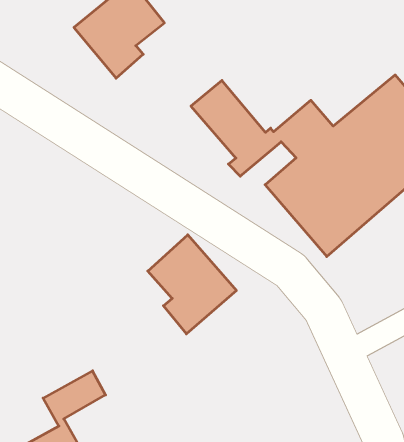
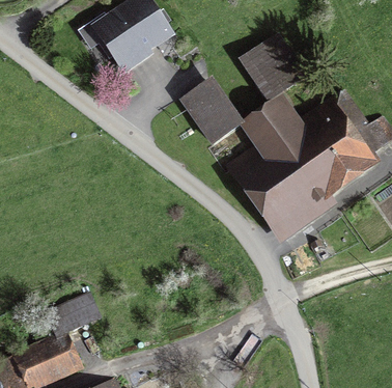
building: none -> [242,32,305,98]
building: [148,235,236,334] -> none

